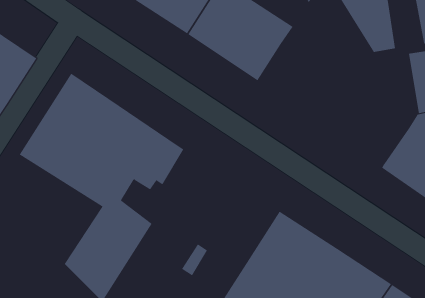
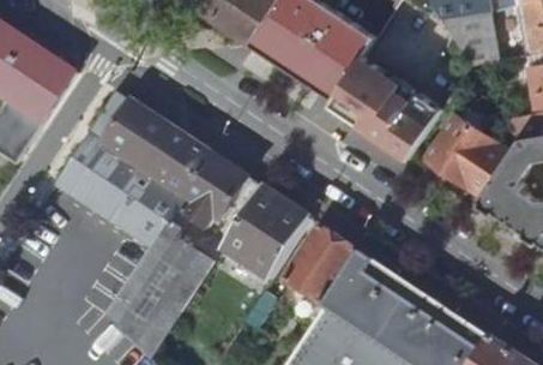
building: none -> [331,56,444,160]
building: none -> [428,118,512,197]
building: none -> [225,189,312,279]
building: none -> [285,227,361,309]

